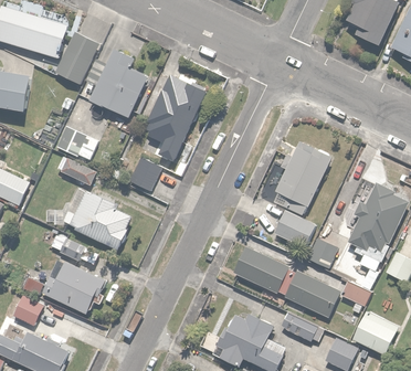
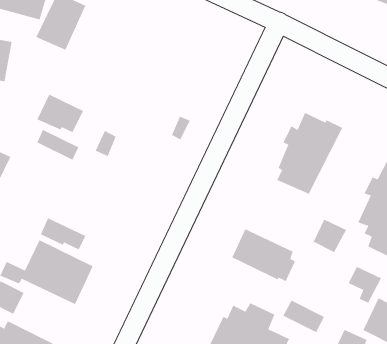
building: [85,49,146,117] -> none
building: [146,73,207,161] -> none
building: [128,156,161,191] -> none
building: [61,190,135,251] -> none
building: [273,209,316,248] -> none
building: [284,272,339,316] -> none

